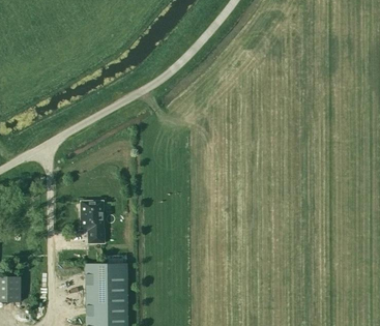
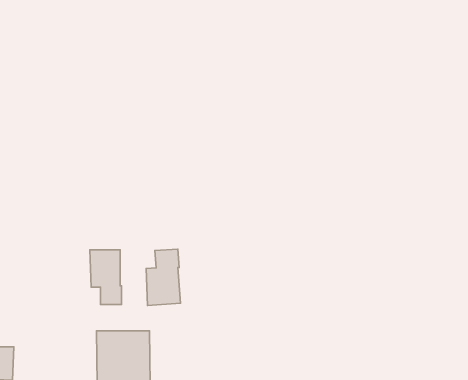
building: none -> [146,249,180,305]

